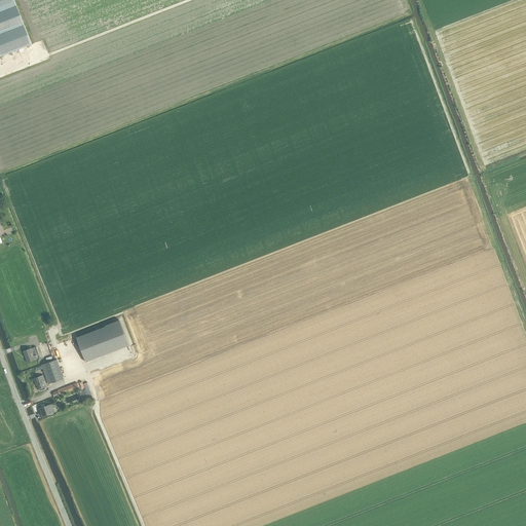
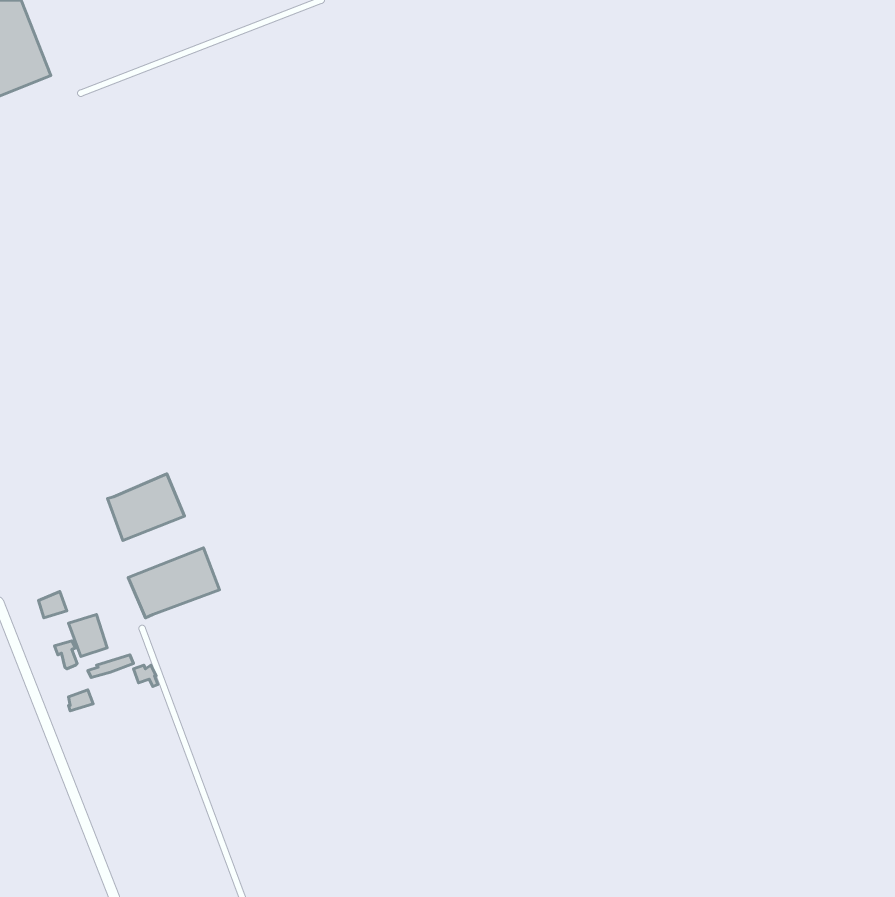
building: none -> [107,474,184,541]

